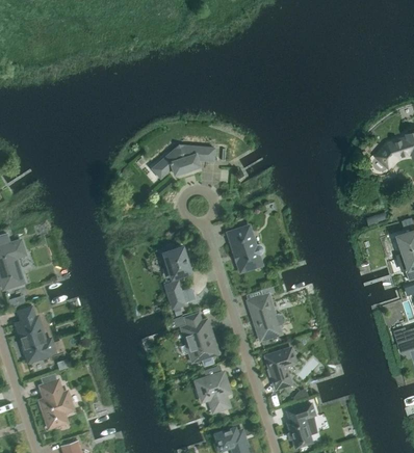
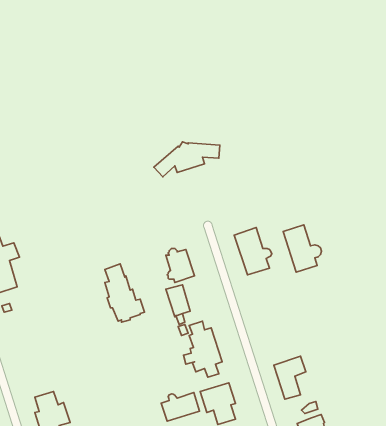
building: [248,294,284,339] -> [283,225,322,272]
building: [17,305,54,361] -> [105,264,145,322]
building: none -> [161,392,199,421]

